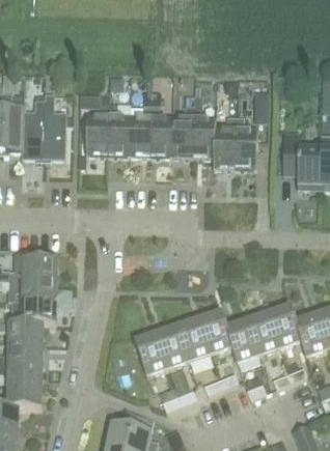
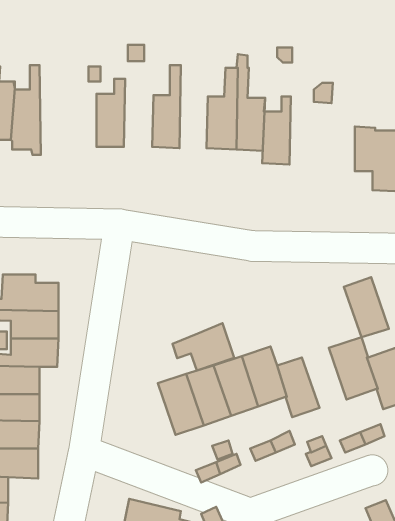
building: [149,88,171,157] -> none
building: [43,93,73,162] -> none
building: [107,104,130,156] -> none
building: [233,117,257,169] -> none
building: none -> [172,323,234,371]
building: [243,309,277,355] -> [344,277,389,337]

